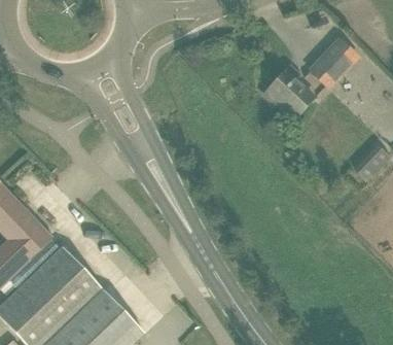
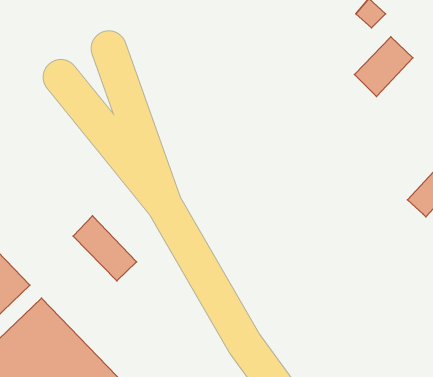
building: [263,65,313,115] -> none
building: none -> [73,216,137,281]

